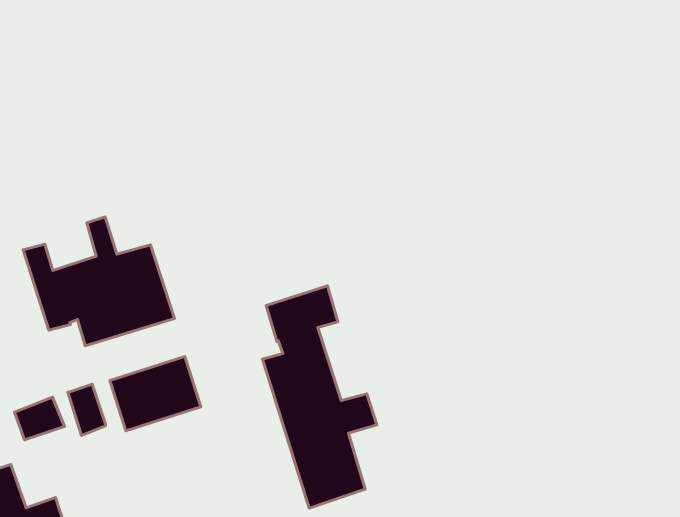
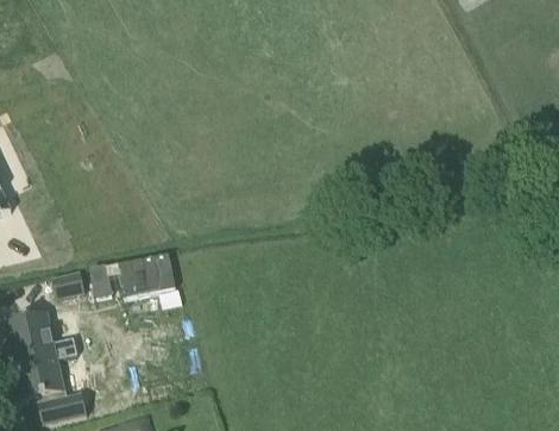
building: [23,217,174,346] -> none
building: [262,286,377,508] -> none

